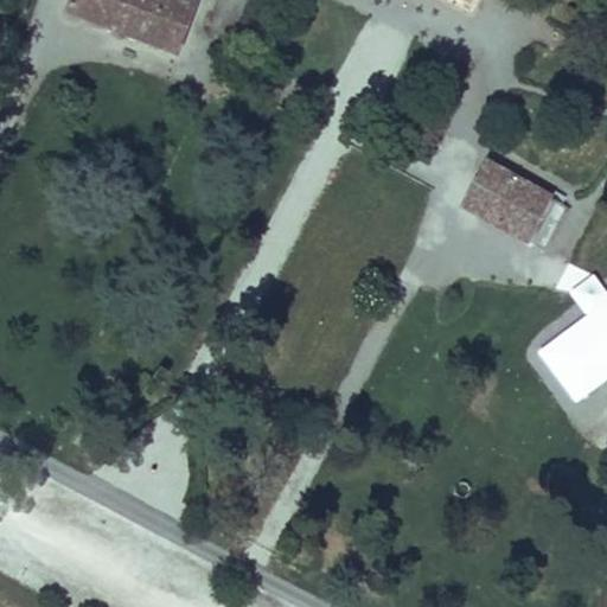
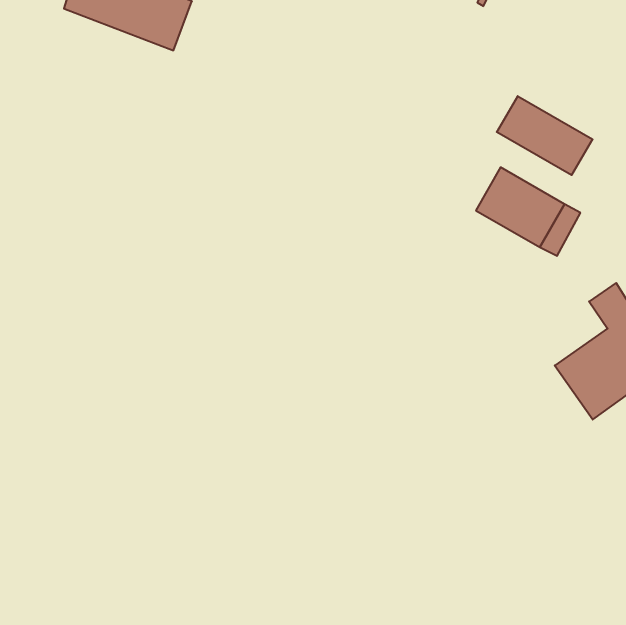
building: none -> [497,96,593,175]

